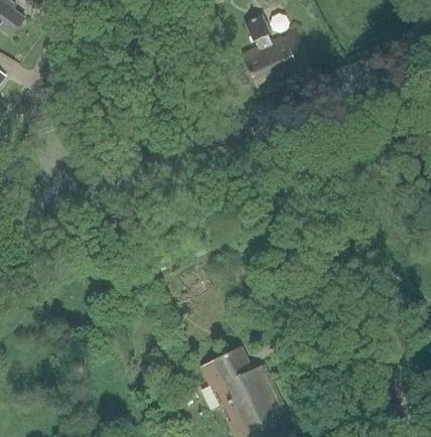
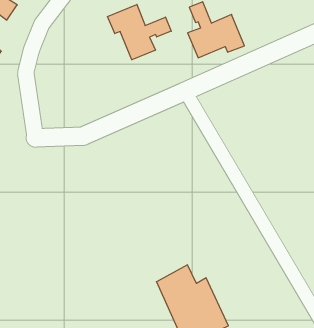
building: none -> [107,4,171,60]

